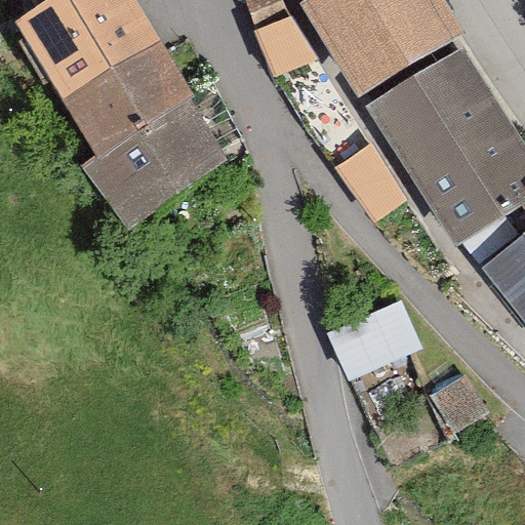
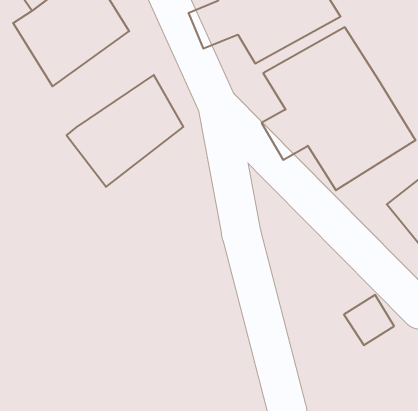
building: [69,39,195,159] -> none
building: [330,297,426,378] -> none

